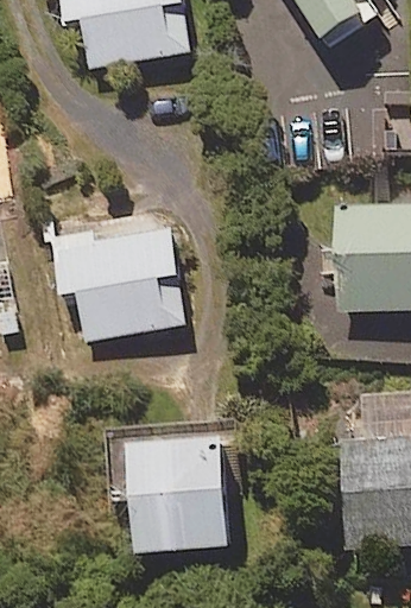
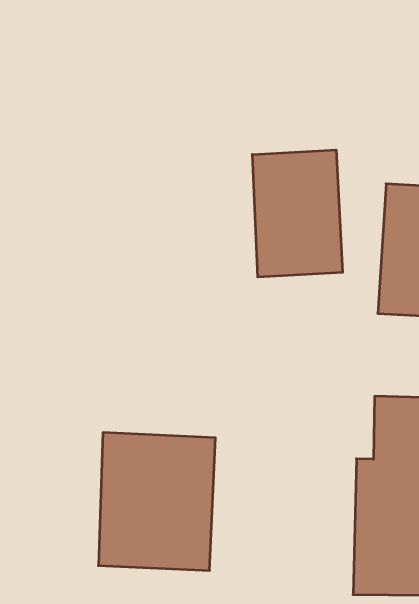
building: none -> [252,150,343,277]
building: [50,218,185,342] -> none

